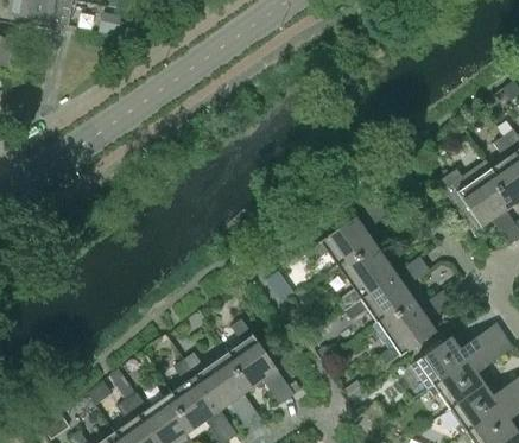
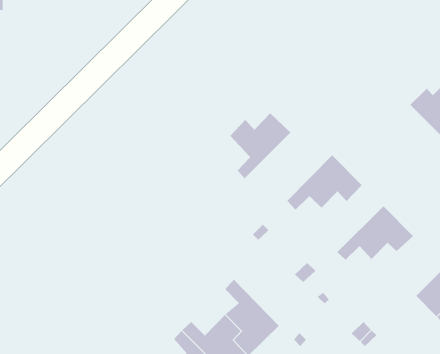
building: [337,251,397,310] -> [229,112,291,179]
building: [373,308,437,367] -> none

